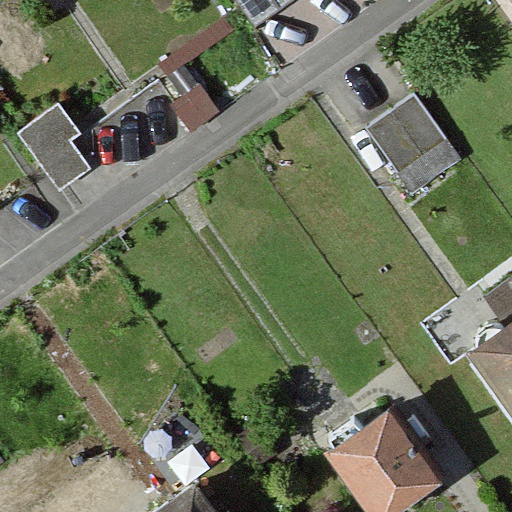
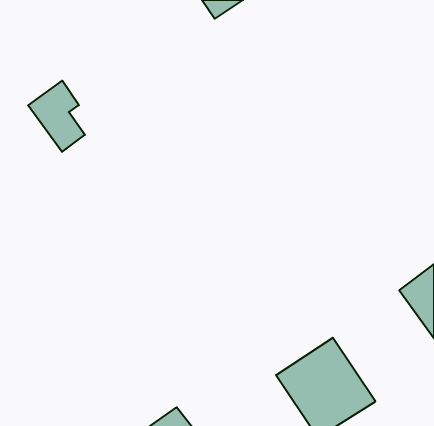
building: [367,99,446,177] -> none

